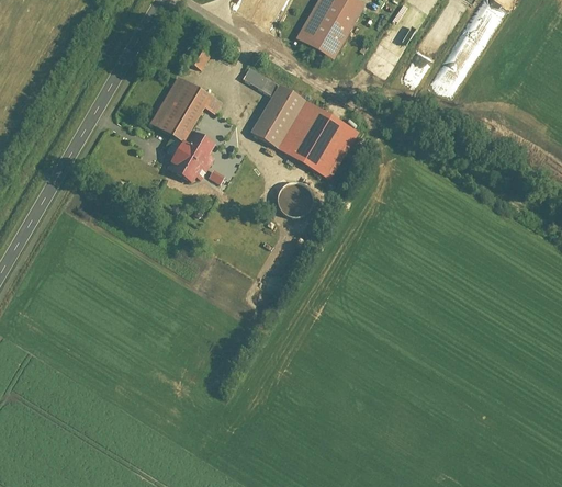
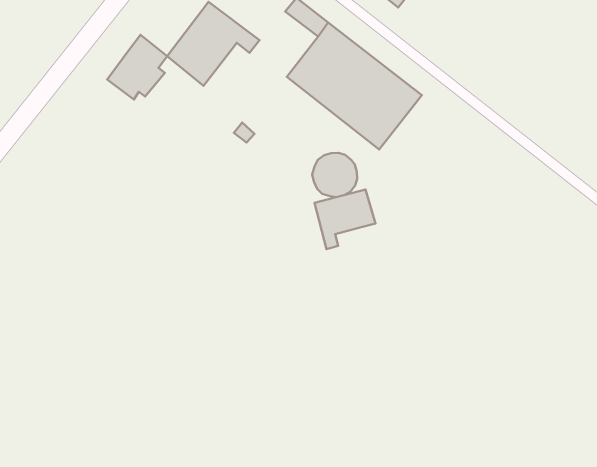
building: [169,131,214,182] -> [107,35,167,99]
building: none -> [314,190,376,249]

